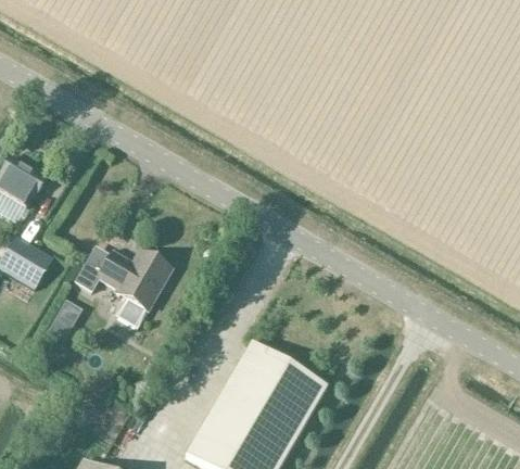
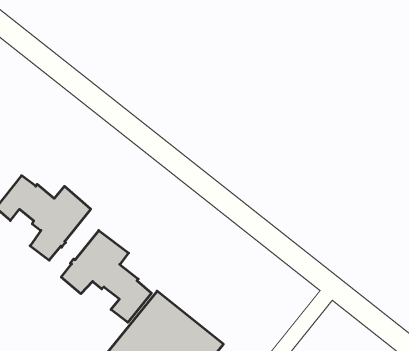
building: none -> [61,230,151,322]

